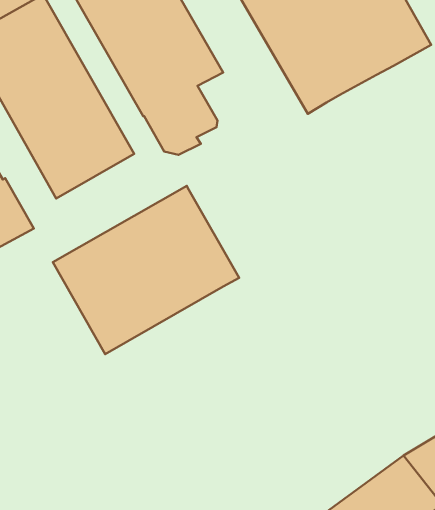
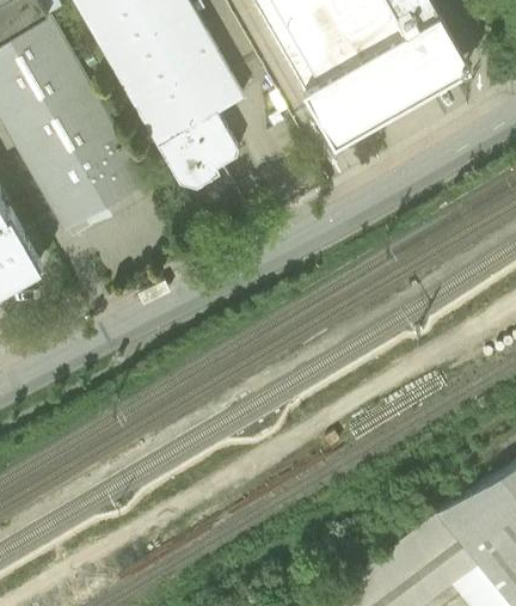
building: [53,186,239,354] -> none

